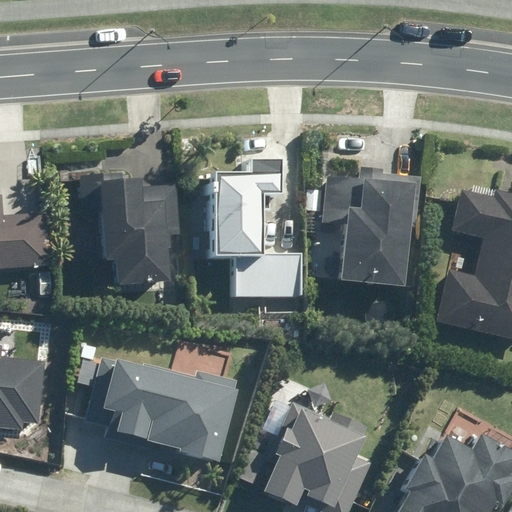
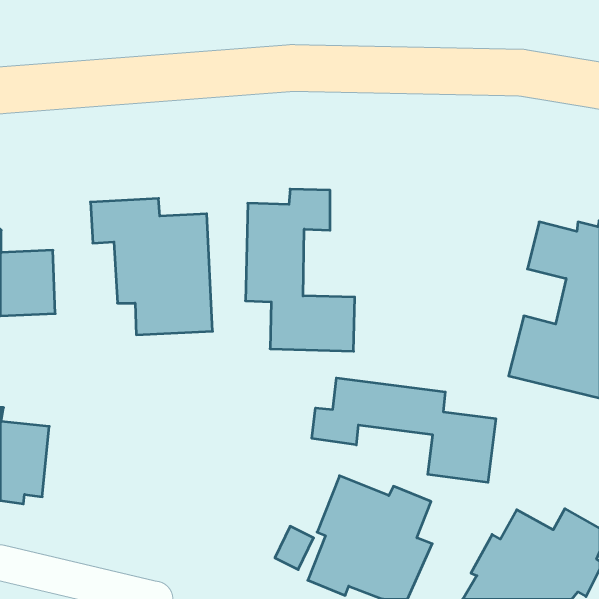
building: [319,166,425,290] -> none
building: none -> [312,378,496,482]
building: [102,356,243,462] -> none

